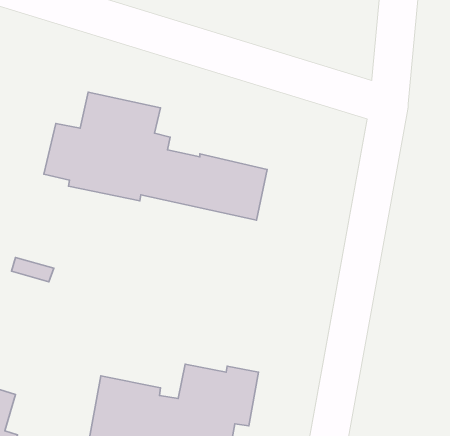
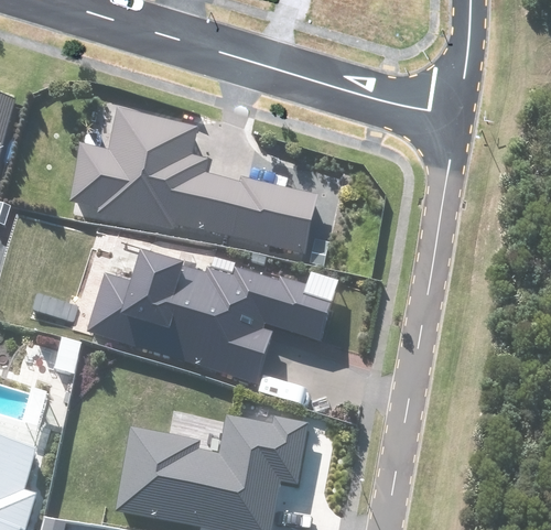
building: none -> [85,249,338,383]

